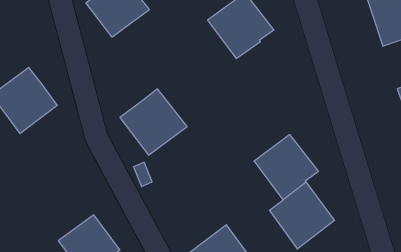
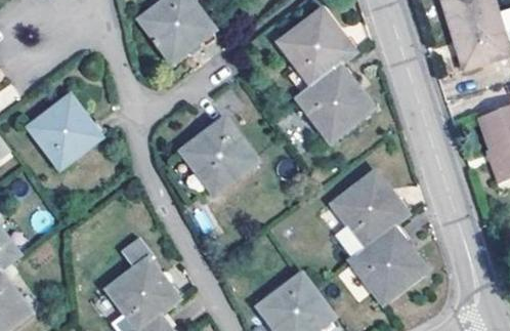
building: none -> [295,64,370,138]

